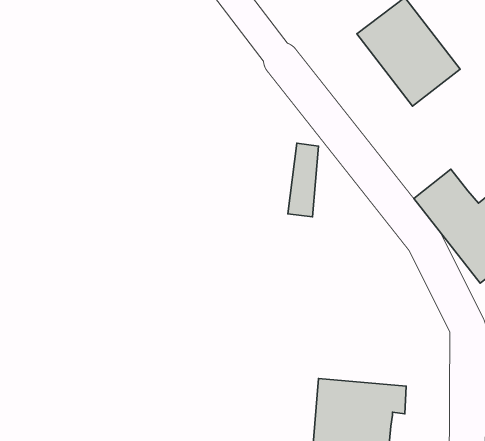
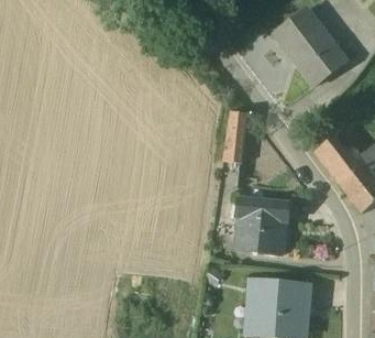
building: none -> [234,199,289,257]

